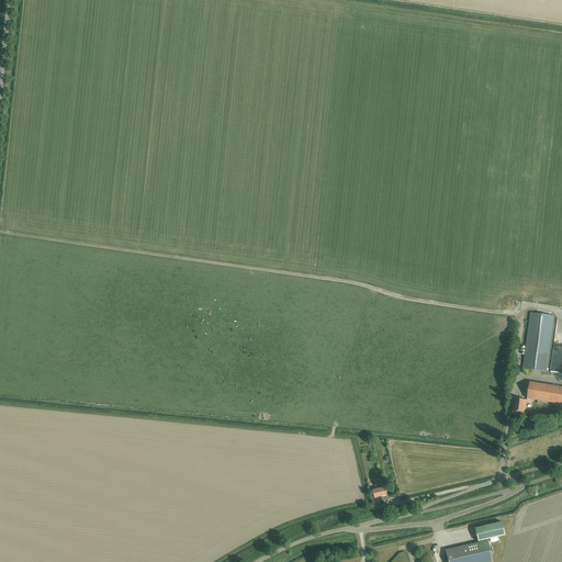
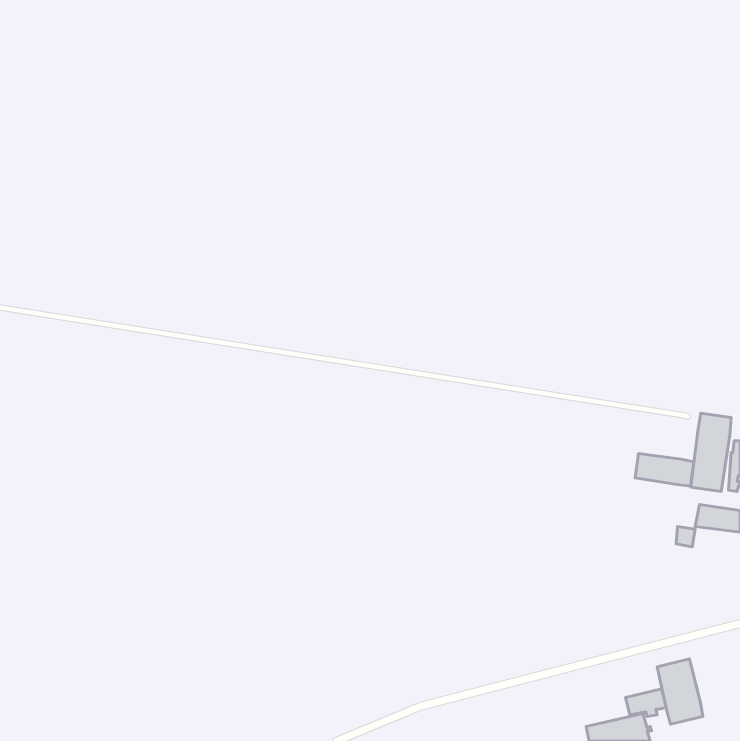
building: none -> [635,454,694,486]
building: none -> [657,659,703,724]

